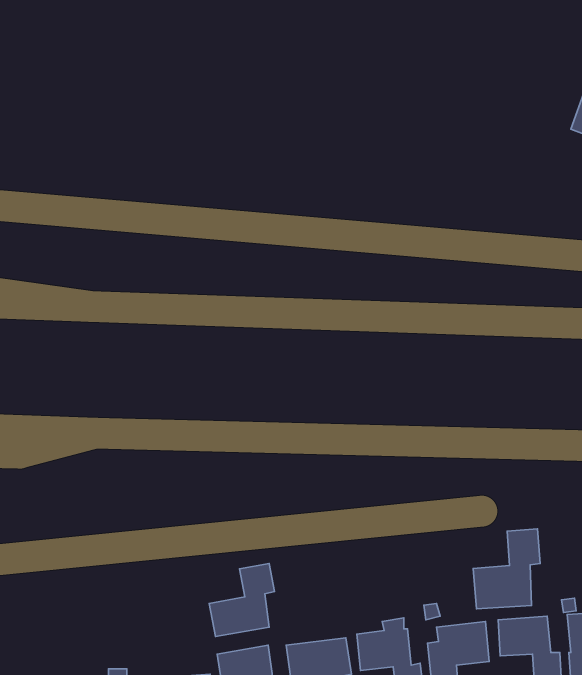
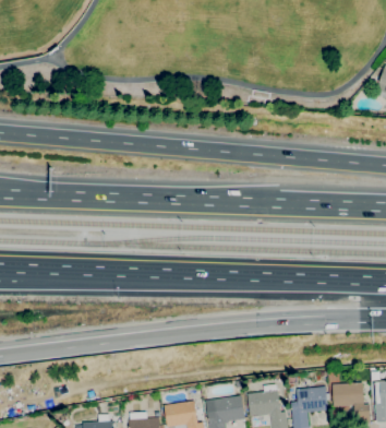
building: [473,529,540,609] -> none
building: [209,564,275,636] -> none

